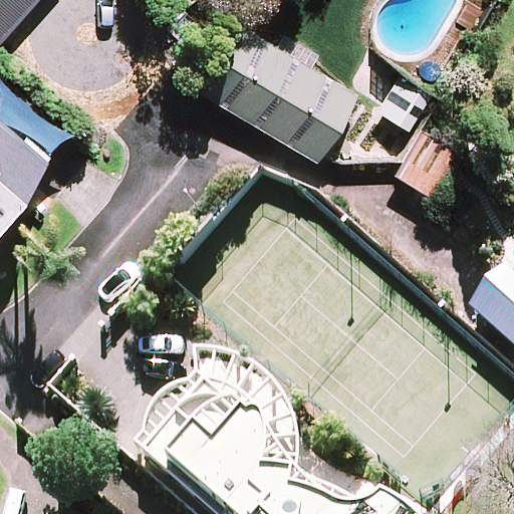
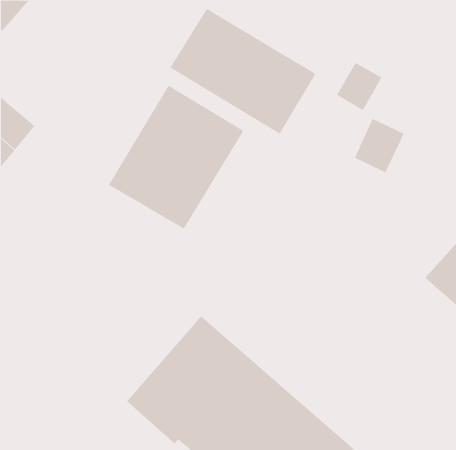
building: none -> [108,85,244,230]

